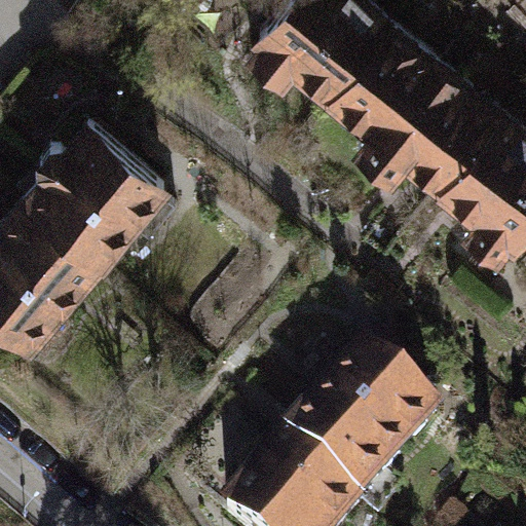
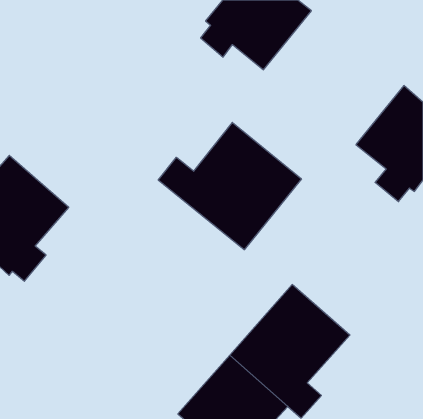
building: [323,26,494,189] -> none
building: [11,129,162,266] -> none
building: none -> [158,122,301,250]

